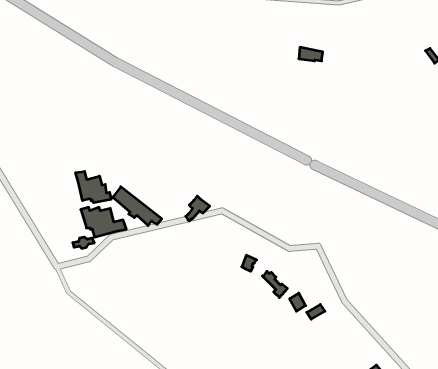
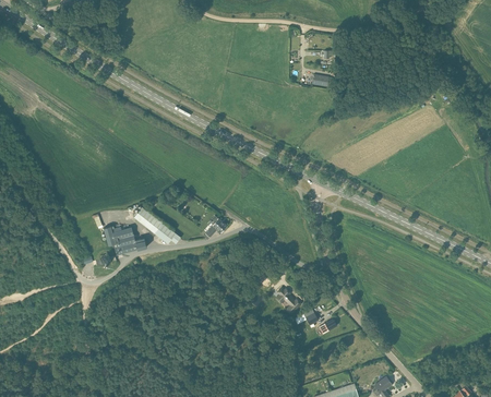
building: [76,171,111,203] -> none

